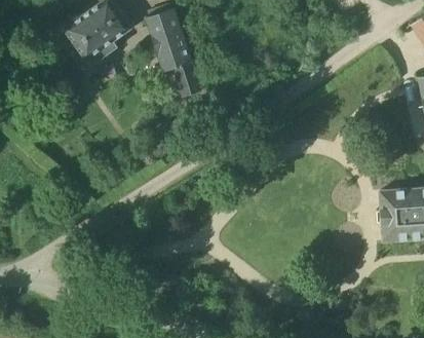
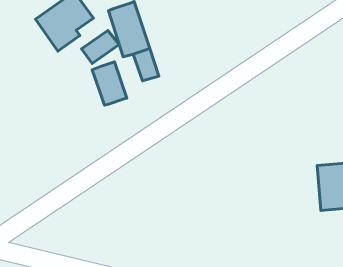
building: none -> [82,30,119,64]
building: none -> [92,62,127,105]

